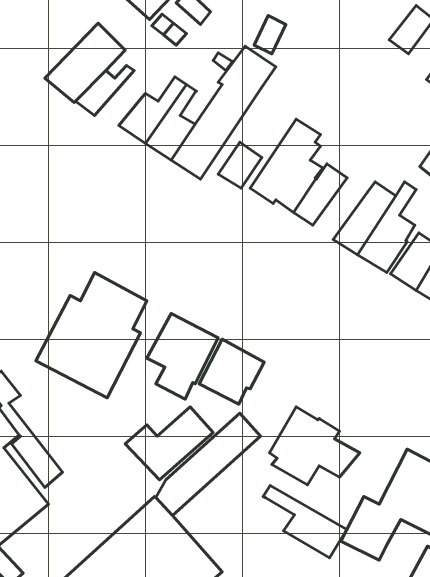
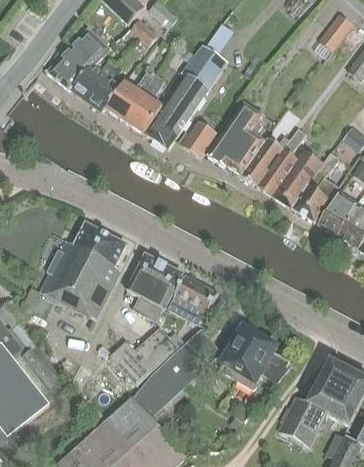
building: none -> [85,63,122,110]
building: none -> [256,127,303,195]
building: [263,486,347,558] -> none

